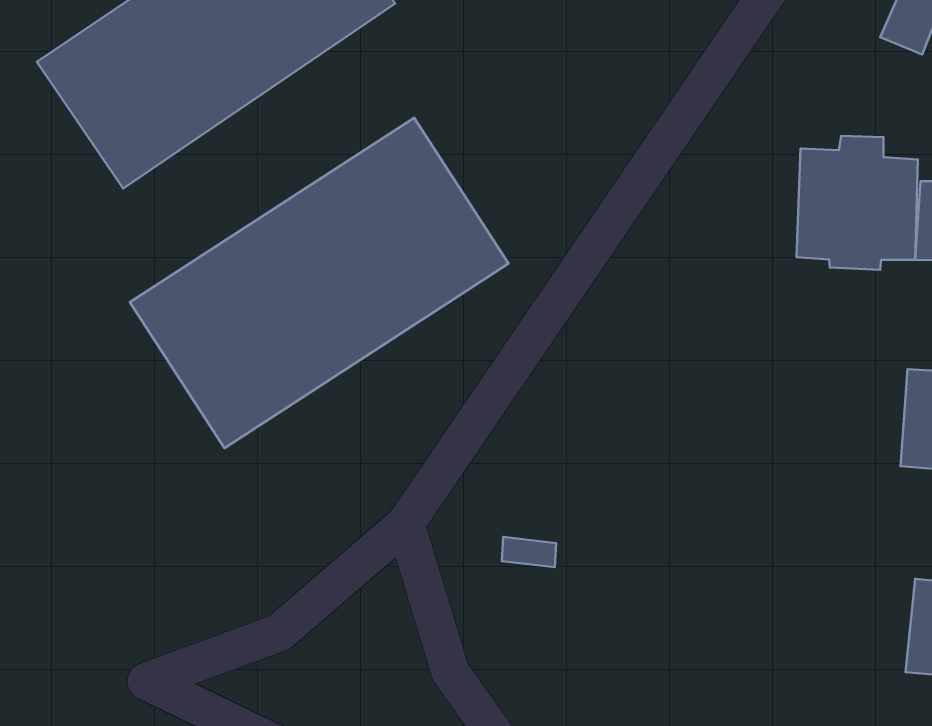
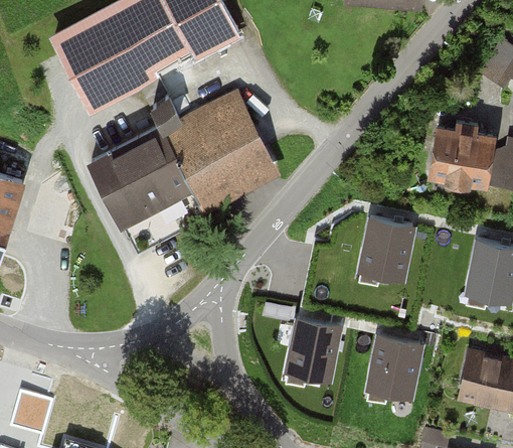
building: none -> [360,219,411,277]
building: none -> [288,320,338,377]
building: none -> [368,336,419,394]

